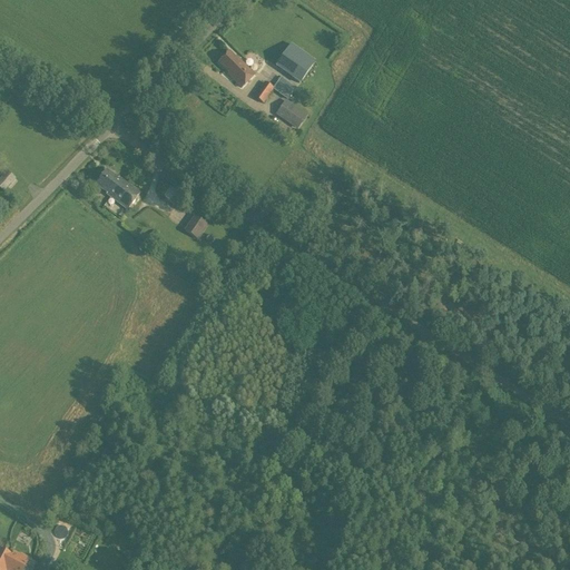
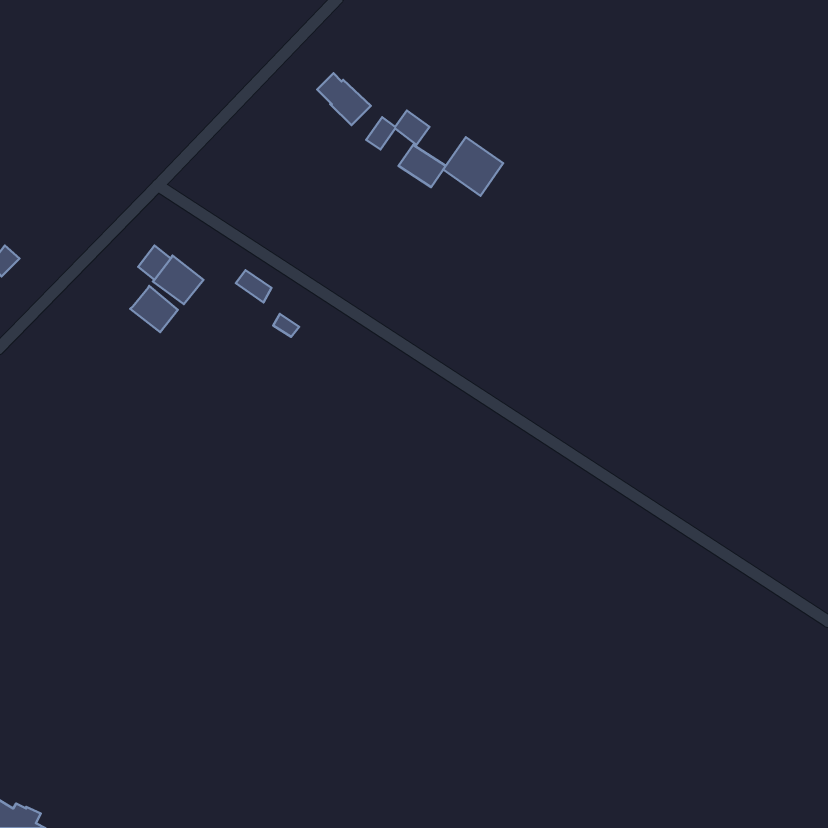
building: [273,42,314,82] -> [443,137,503,196]
building: none -> [130,286,178,332]

